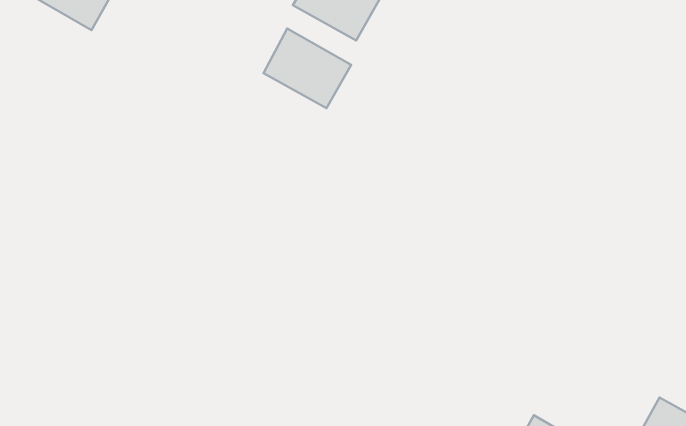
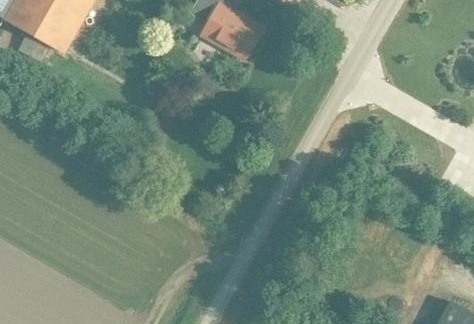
building: [264,28,351,108] -> none

